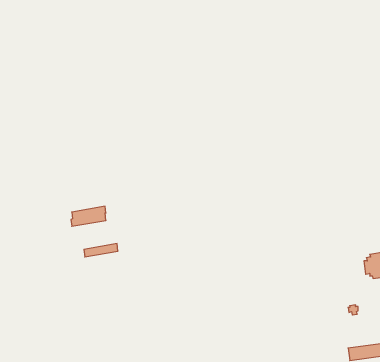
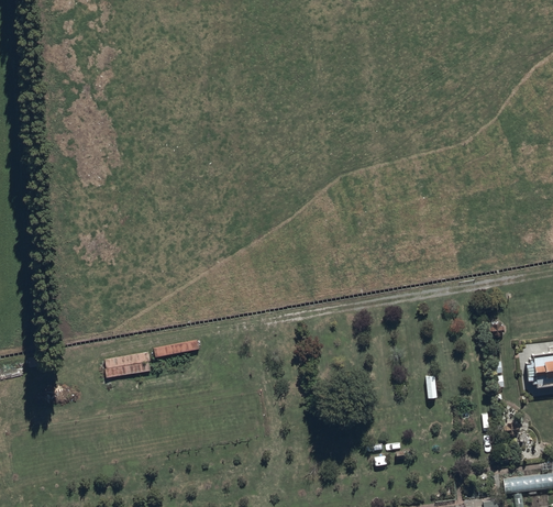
building: [71,206,106,226] -> [104,352,151,378]

